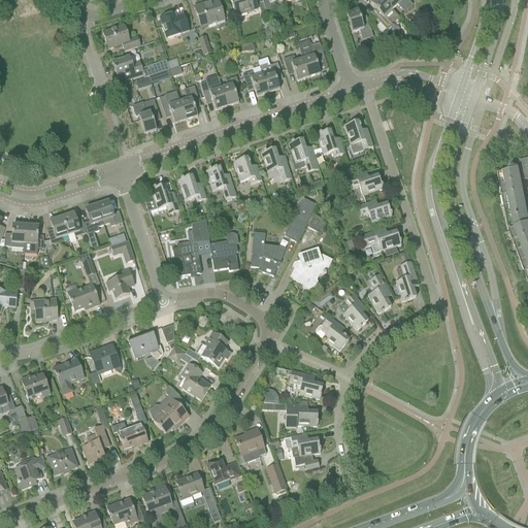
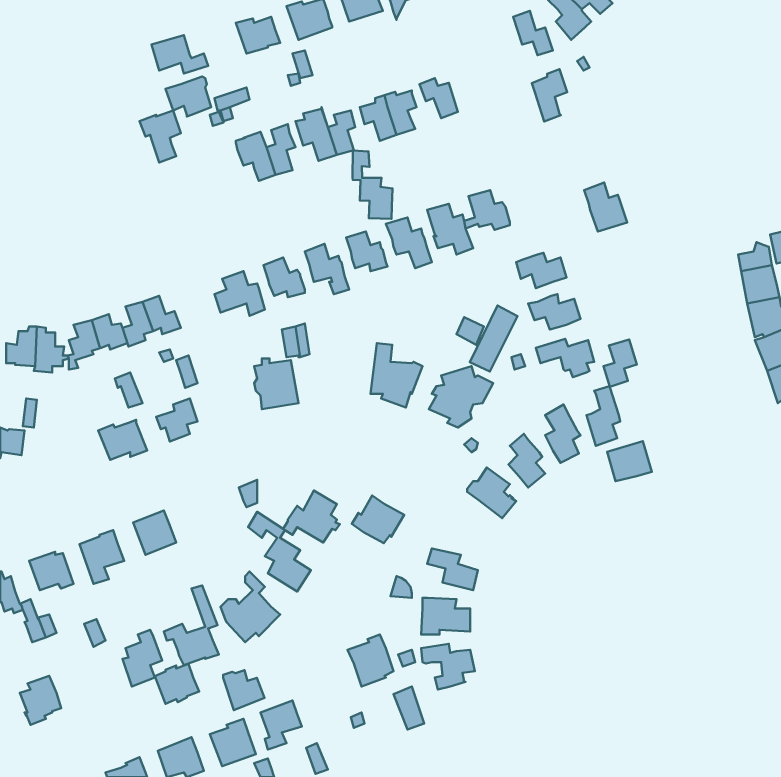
building: [301,40,325,75] -> [532,69,567,121]
building: [132,97,160,132] -> [139,110,181,162]
building: none -> [352,151,392,219]
building: [344,119,373,152] -> [584,183,627,232]
building: [285,196,317,240] -> [470,306,517,371]
building: none -> [604,340,637,387]
building: [209,231,239,269] -> none
building: [30,296,58,320] -> none
building: none -> [607,441,652,481]
building: [128,329,163,359] -> none
building: none -> [352,496,404,543]
building: [48,447,78,473] -> [155,664,199,704]
building: [207,458,235,485] -> [223,670,264,710]

